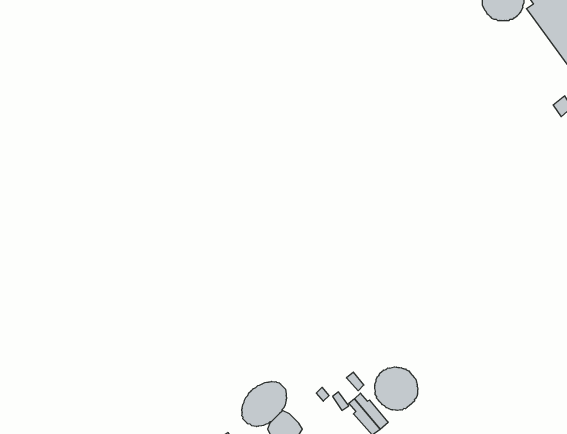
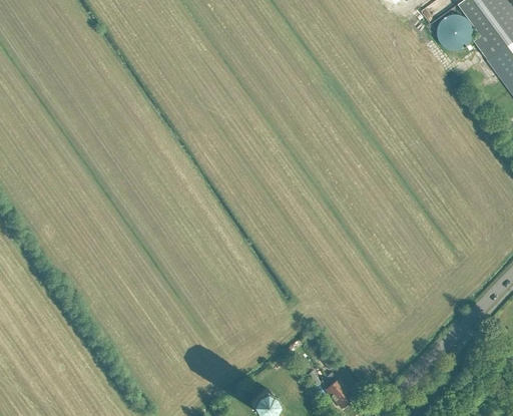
building: [375,367,418,410] -> none
building: [242,381,286,427] -> none

